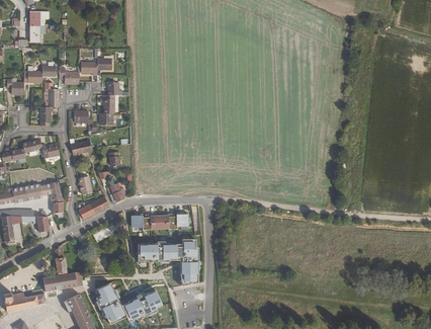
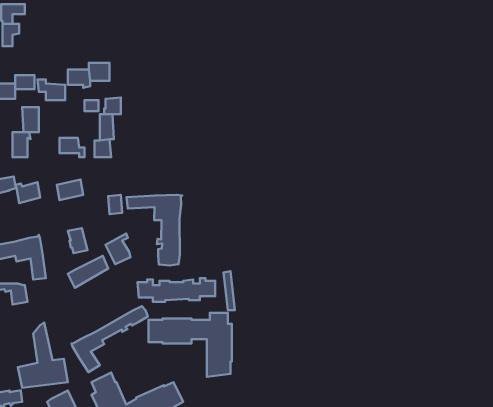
building: none -> [127,195,182,265]
building: none -> [71,306,148,372]

